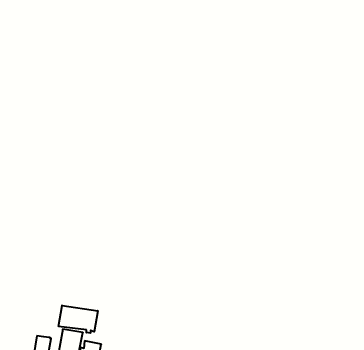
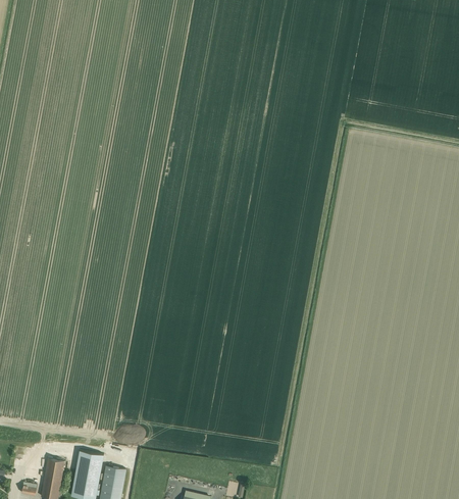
building: [59,305,98,333] -> none

